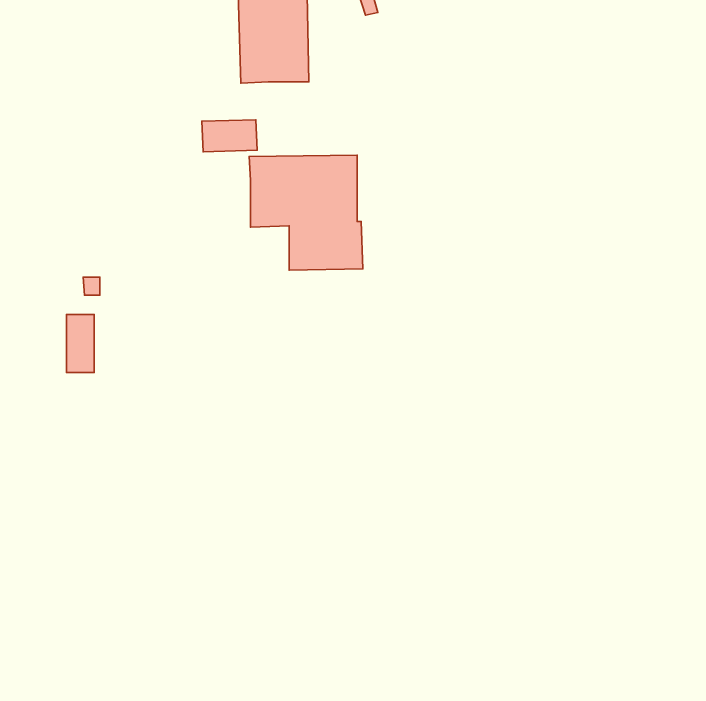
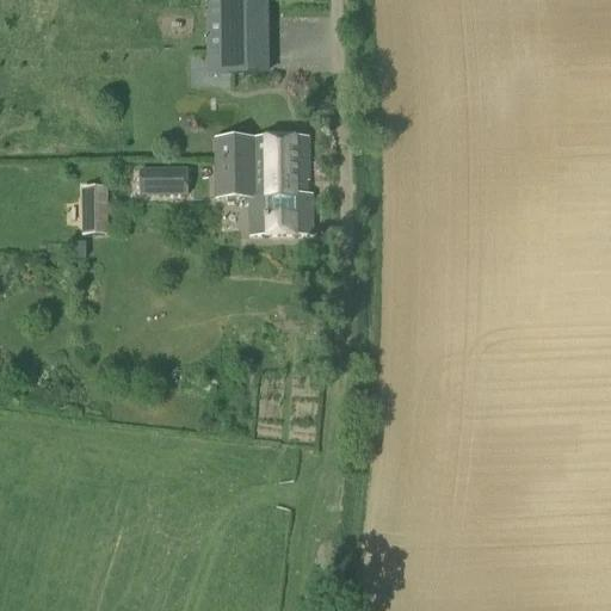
building: [202,120,257,152] -> [141,165,189,192]
building: [66,314,94,373] -> [81,181,105,232]

